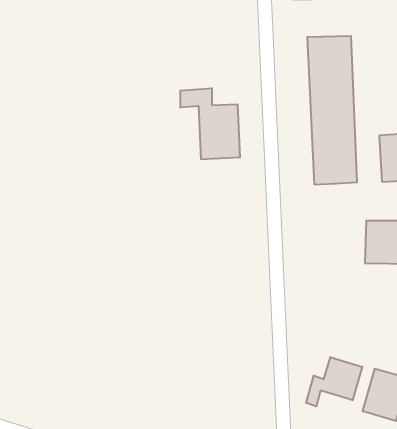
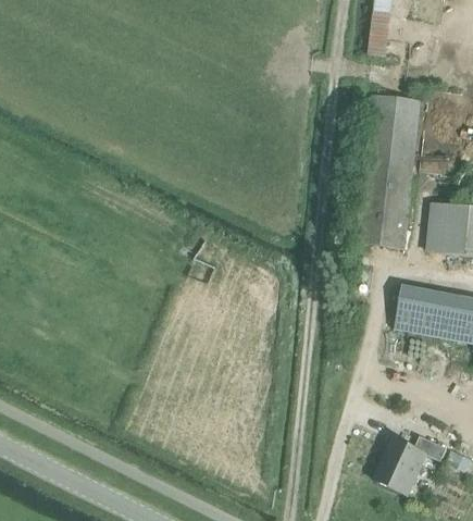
building: [180,88,240,159] -> none
building: [306,357,362,406] -> none

